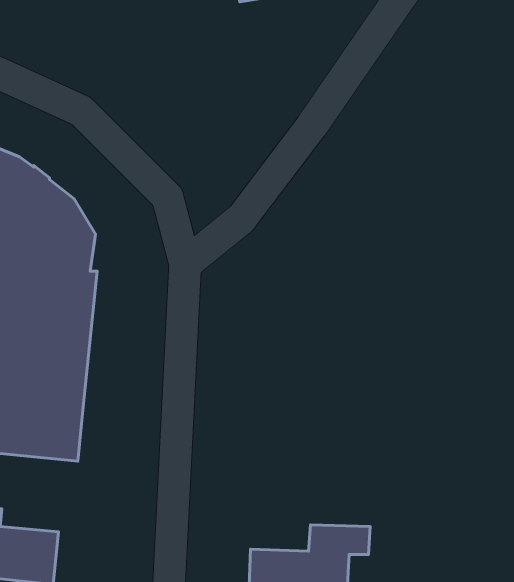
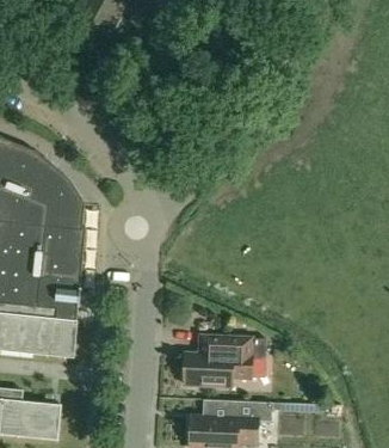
building: none -> [181,336,264,386]

